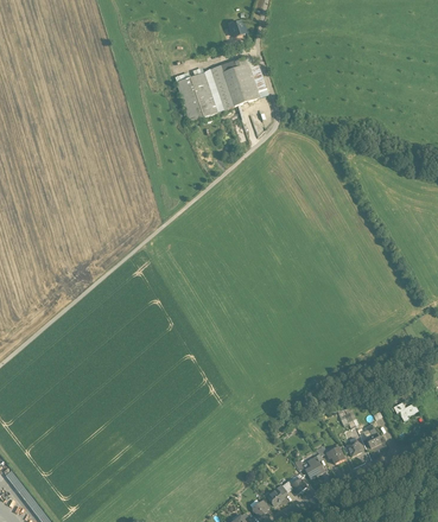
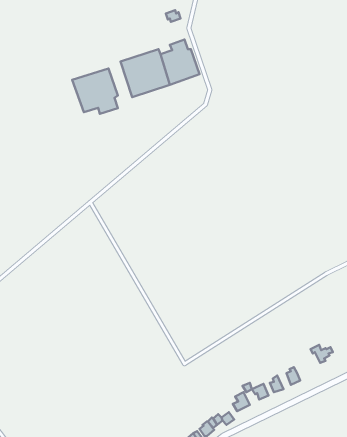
building: none -> [72,68,118,114]

